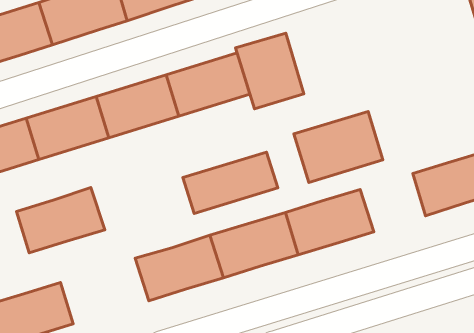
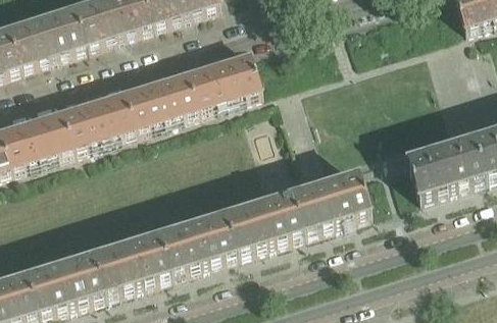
building: [236,33,304,109] -> none
building: [294,111,383,182] -> none
building: [183,152,278,213] -> none
building: [16,187,105,253] -> [93,235,171,293]

